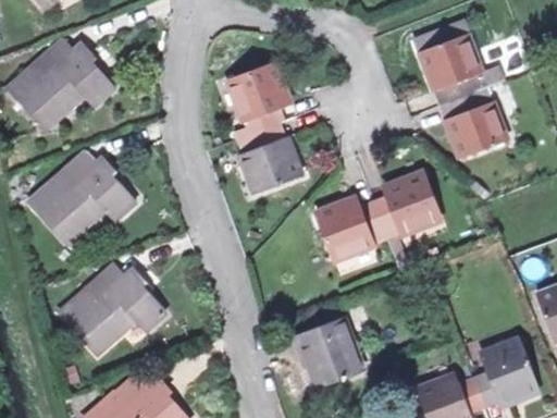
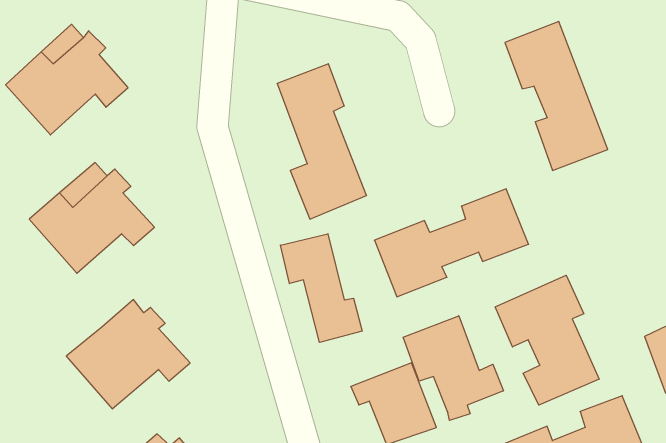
building: none -> [280,234,362,342]
building: none -> [495,275,599,405]
building: none -> [403,316,503,420]

